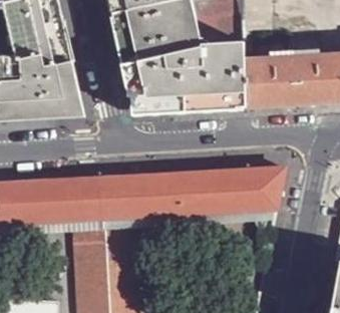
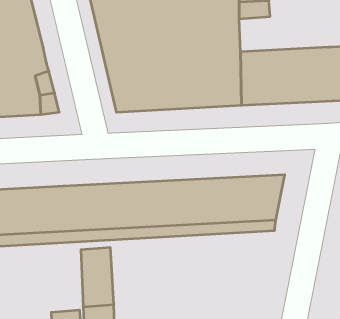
building: [74,233,102,289] -> none

